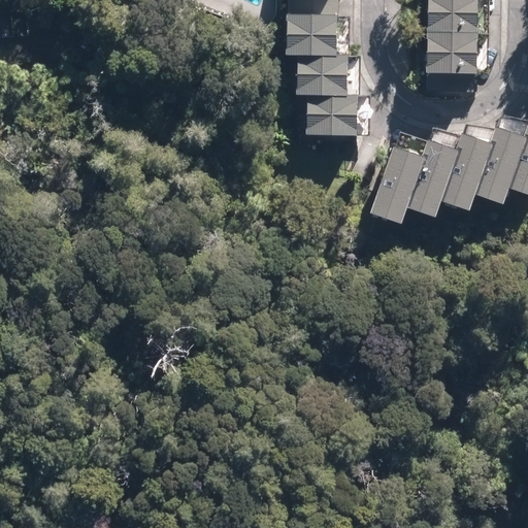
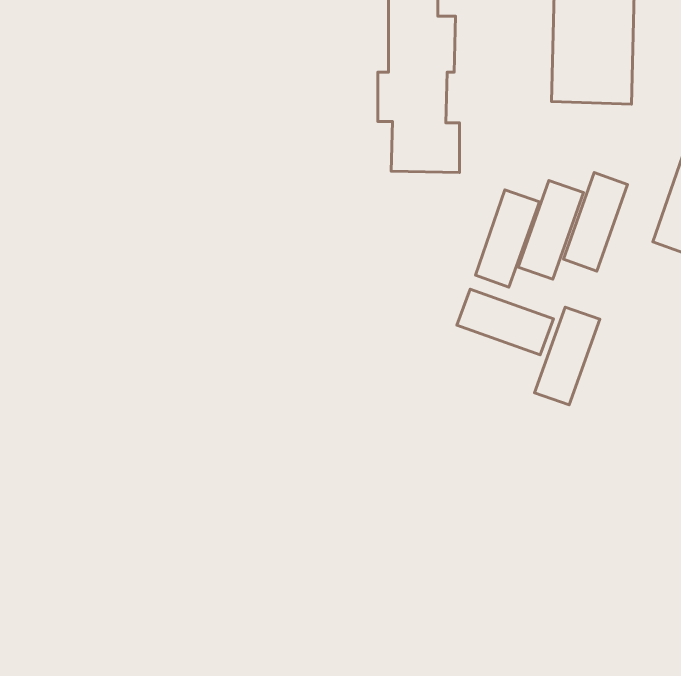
building: [471,128,522,203] -> [534,307,600,405]
building: none -> [457,289,553,355]

